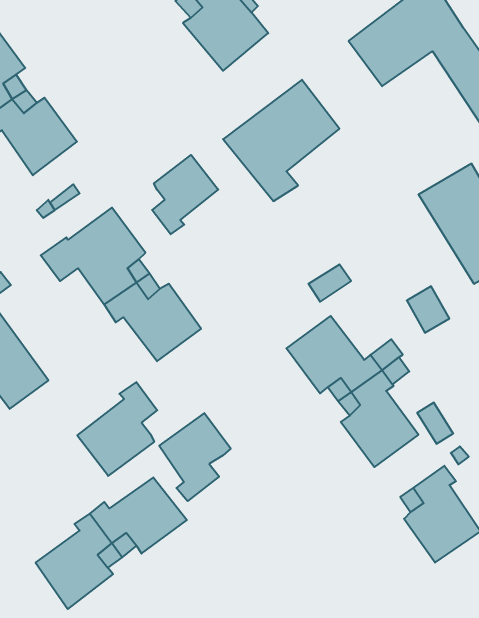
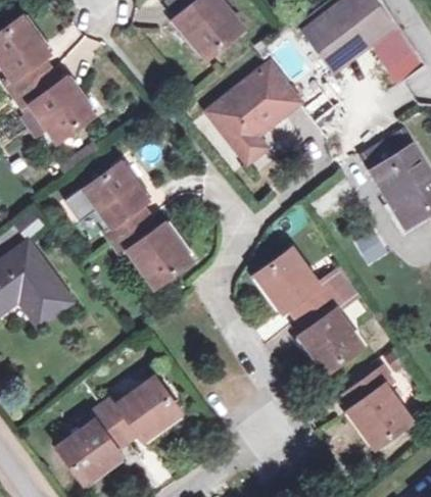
building: [152,155,218,234] -> none
building: [77,382,157,476] -> none
building: [159,413,231,501] -> none

